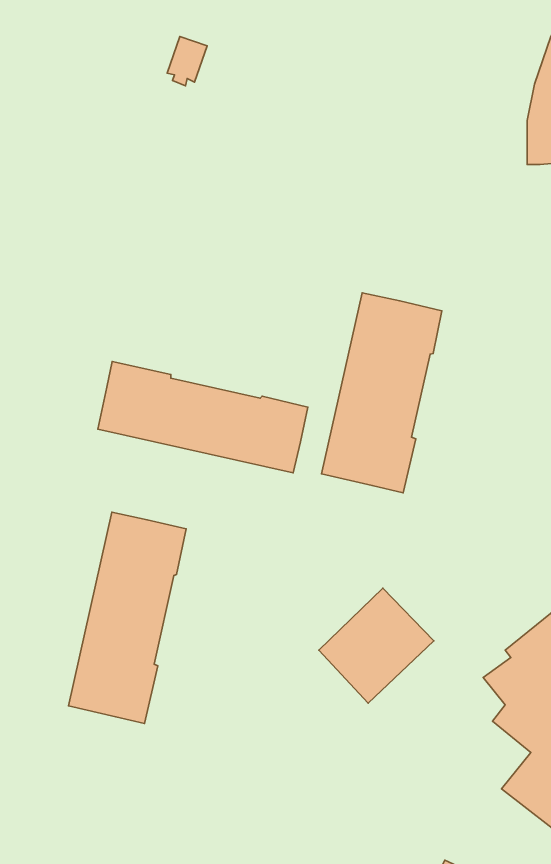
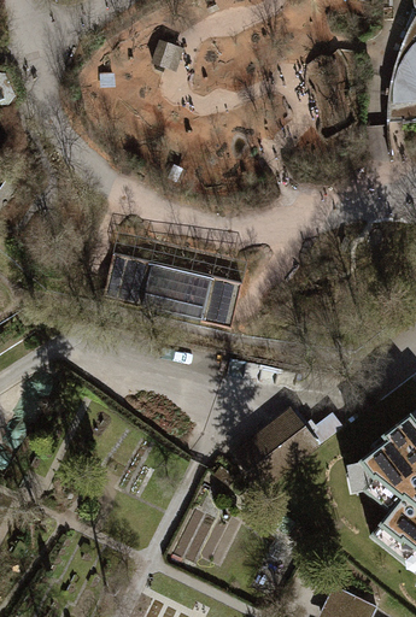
building: [321,293,442,493] -> none
building: [68,512,186,724] -> none

